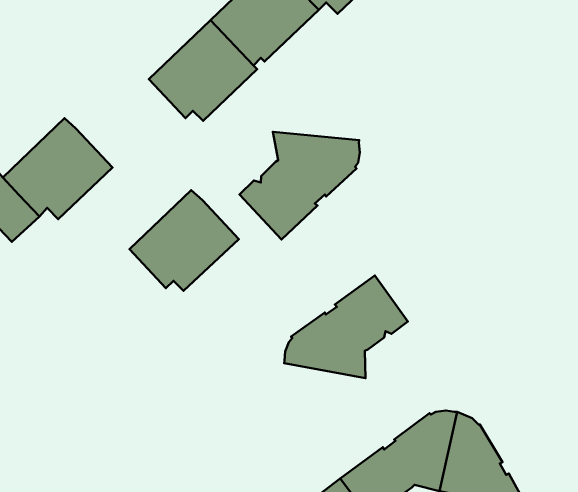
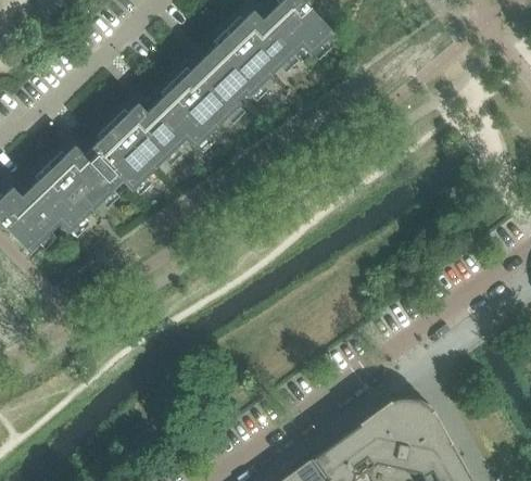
building: [240,132,360,240] -> none
building: [130,190,239,291] -> [84,103,178,190]
building: [284,276,408,378] -> none

